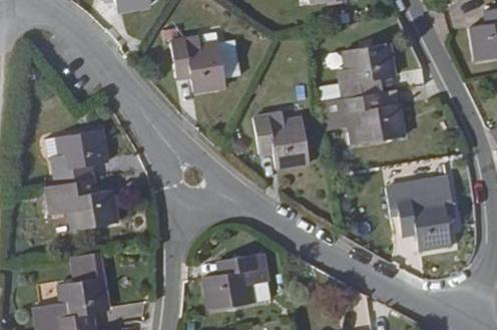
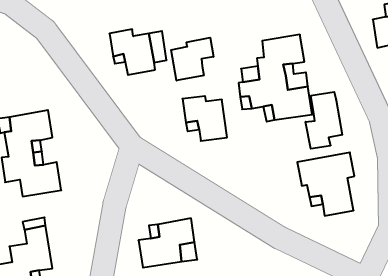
building: none -> [171,38,213,81]
building: none -> [306,92,342,149]

